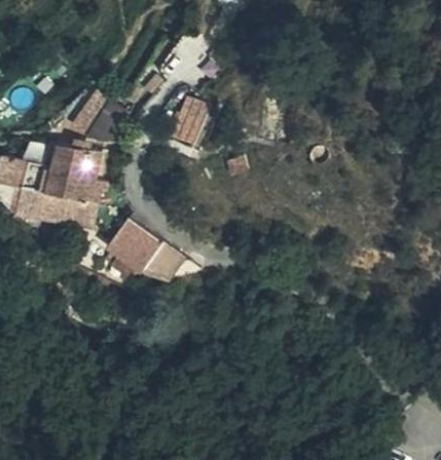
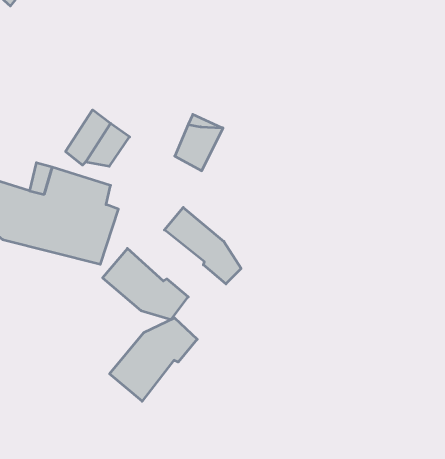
building: none -> [164,207,241,284]
building: none -> [110,318,197,401]

